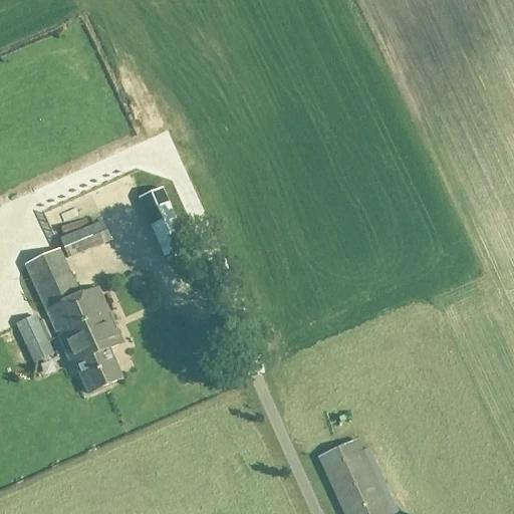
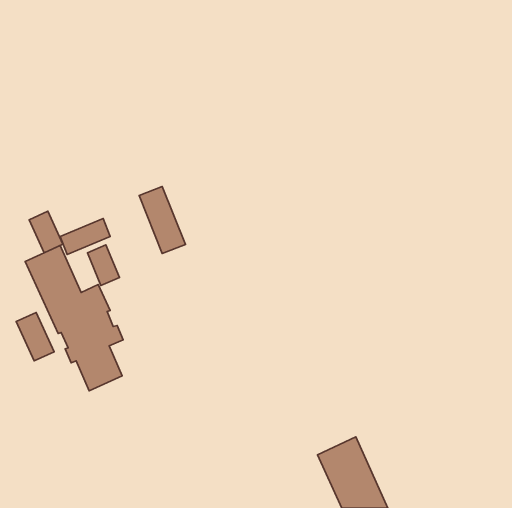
building: none -> [29,211,63,253]
building: none -> [87,245,120,285]

